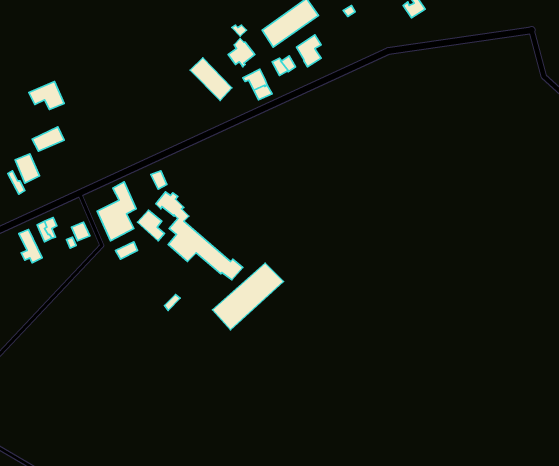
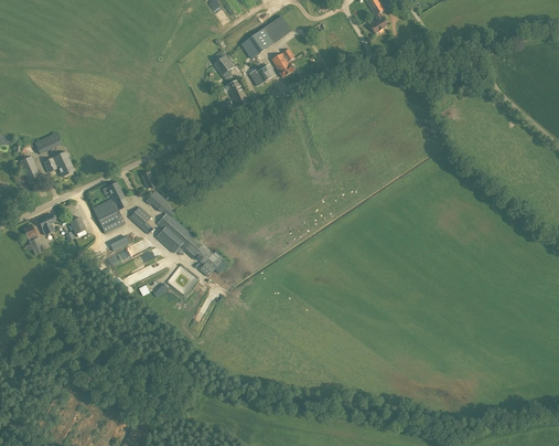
building: [190,58,232,100] -> none
building: [29,81,64,110] -> [42,151,74,177]
building: [213,263,284,330] -> none

